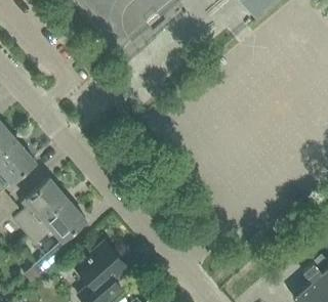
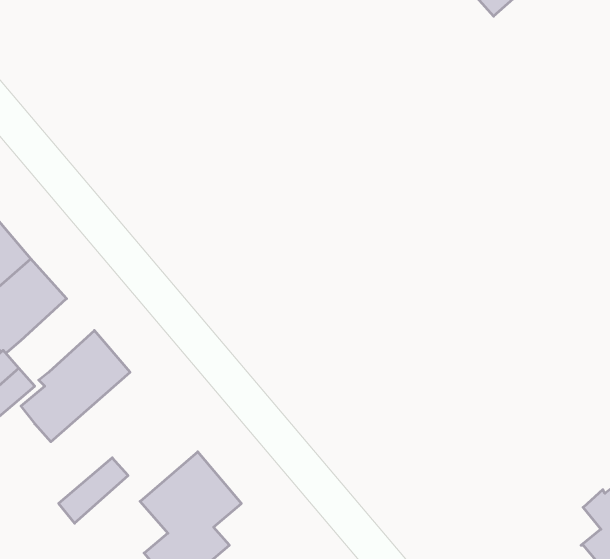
building: [28,200,87,245] -> none

